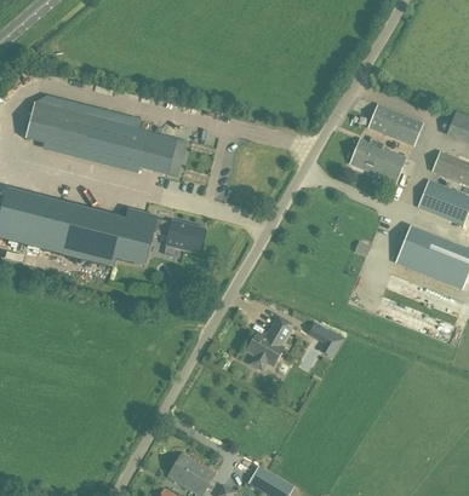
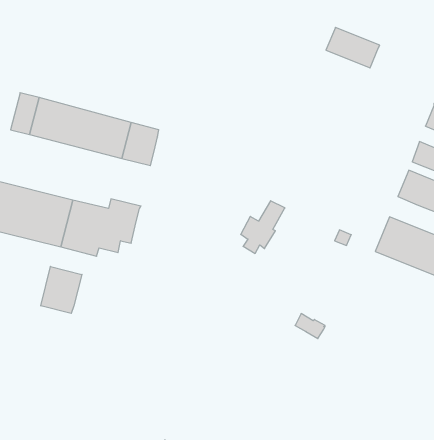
building: [368,104,423,145] -> [326,27,380,68]
building: [349,137,406,181] -> none
building: [153,218,205,252] -> none
building: none -> [41,266,82,313]
building: [247,316,292,369] -> [241,201,285,253]

